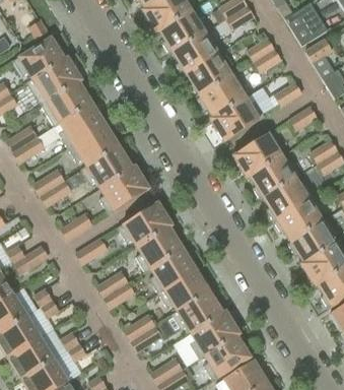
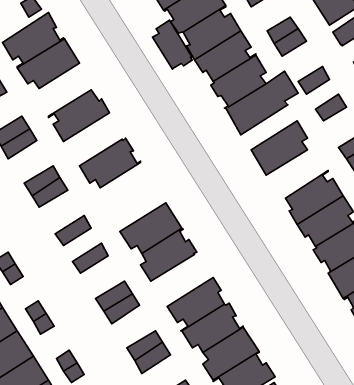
building: none -> [152,20,192,69]
building: [45,78,94,125] -> none
building: [67,122,119,169] -> none
building: [246,154,300,198] -> none
building: [98,166,149,213] -> none
building: [144,247,199,292] -> none

